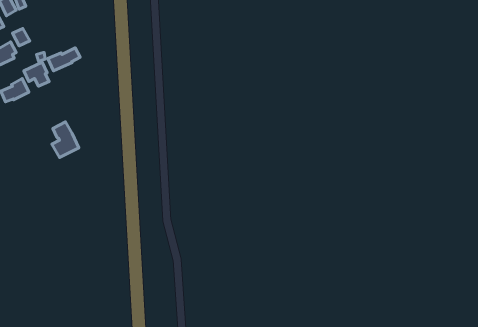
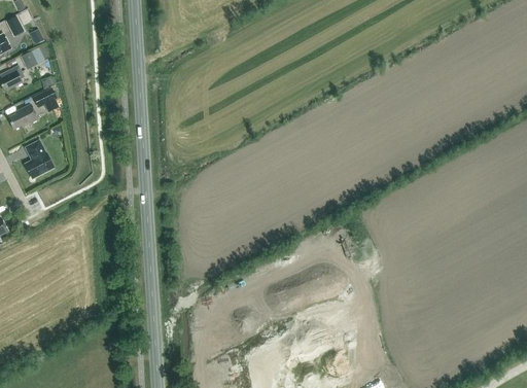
building: [48,48,80,71] -> none
building: [52,122,79,158] -> [24,139,52,177]

